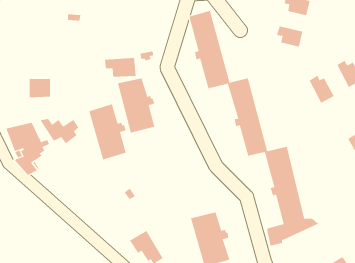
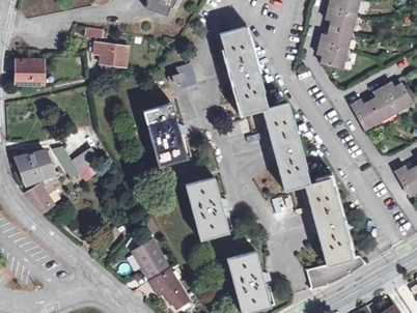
building: none -> [322,27,353,50]
building: [104,58,137,77] -> [85,46,121,67]
building: none -> [372,87,399,122]
building: [29,78,51,98] -> [17,61,41,83]
building: [88,104,126,160] -> [182,176,224,239]
building: none -> [137,244,173,284]

